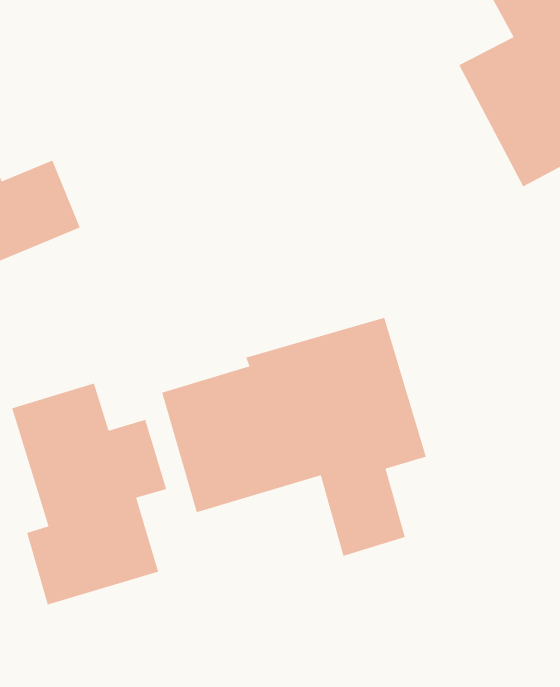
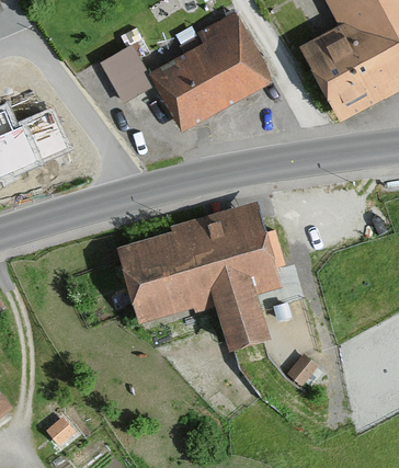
building: none -> [102,11,270,128]
building: [11,382,167,606] -> none

